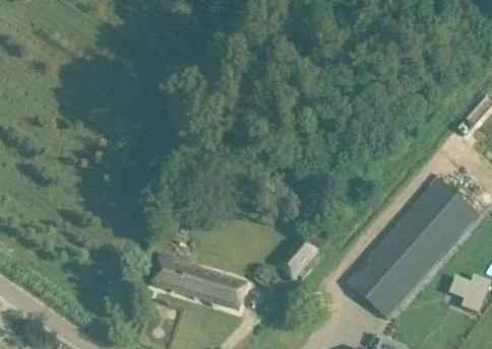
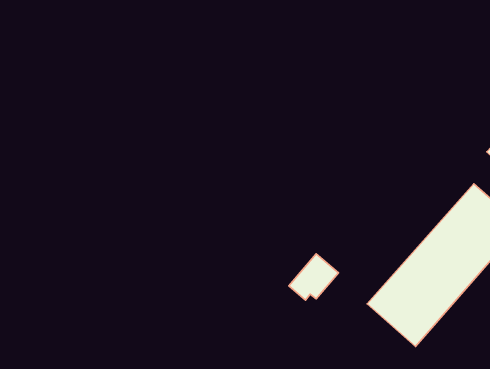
building: [152,253,247,307] -> none

